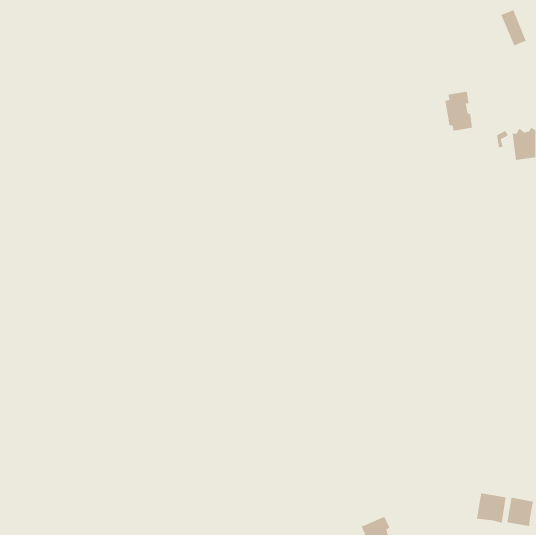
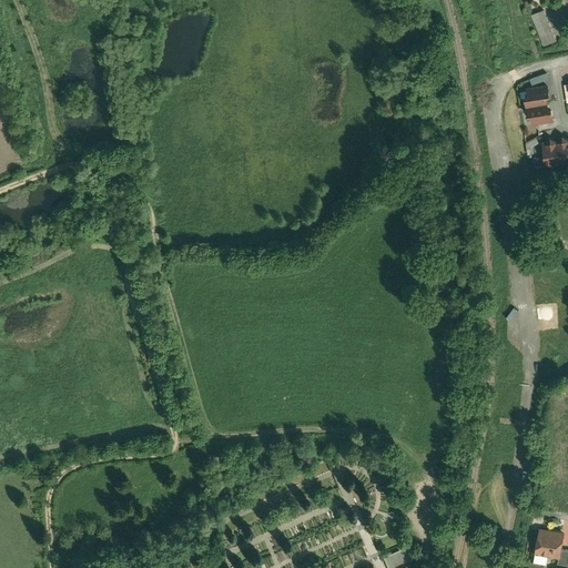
building: [444,91,473,131] -> [524,84,554,126]
building: [477,492,506,523] -> none

